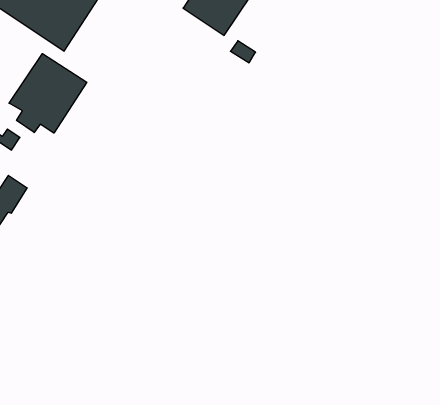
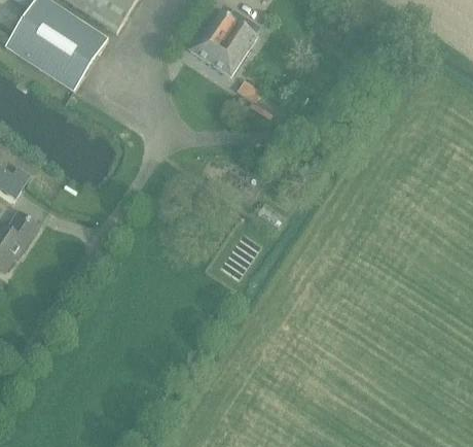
building: [9,54,87,133] -> none

